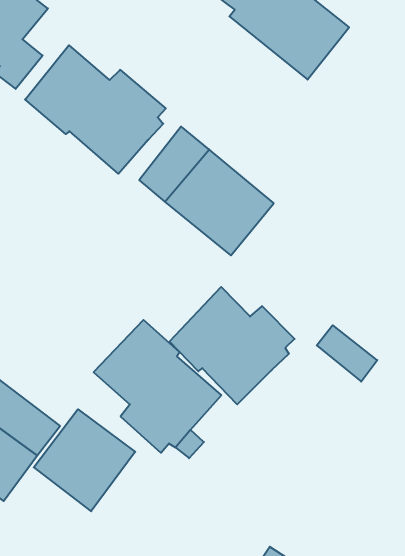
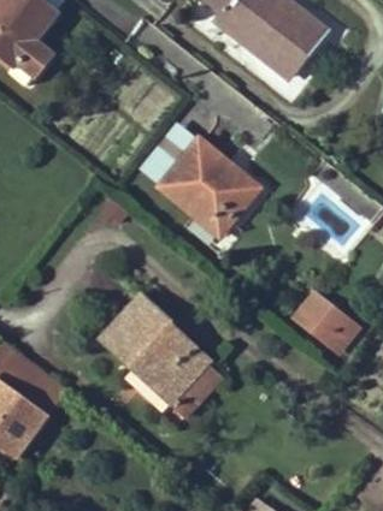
building: [25,45,166,174] -> none
building: [169,287,295,404] -> none
building: [34,409,135,511] -> none

